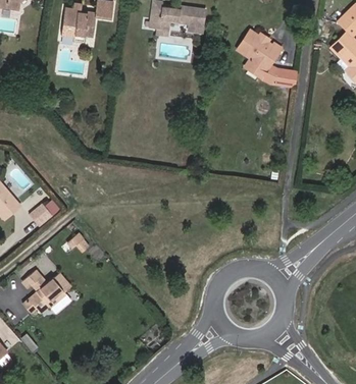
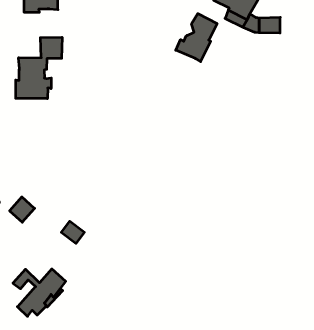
building: none -> [176,14,217,62]
building: none -> [16,37,62,99]

